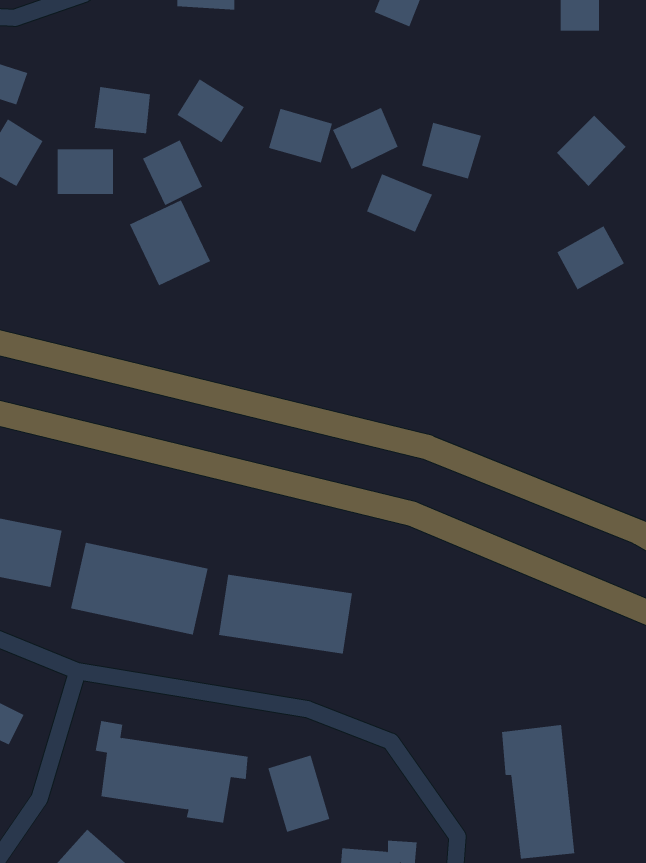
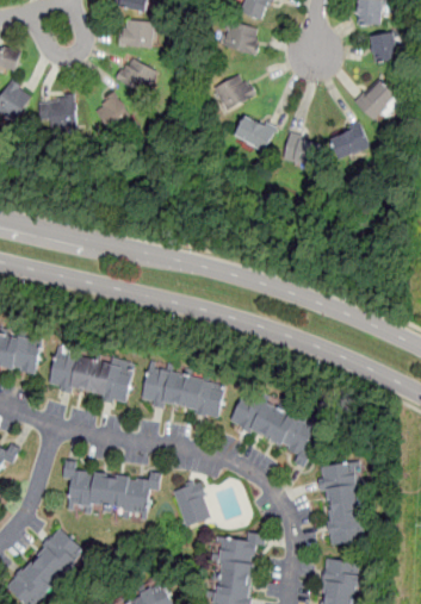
building: none -> [370,32,397,63]
building: [94,86,151,134] -> [118,19,154,49]
building: [268,108,333,163] -> [219,20,260,55]
building: [421,122,482,179] -> [283,132,321,168]
building: [129,199,211,286] -> none
building: [556,225,625,290] -> [328,122,371,162]
building: none -> [229,388,322,467]

